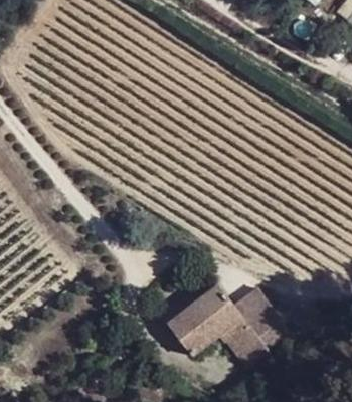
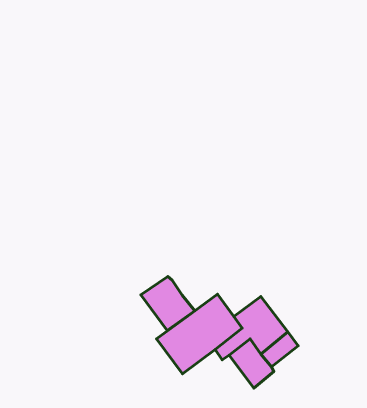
building: none -> [141,276,195,331]

